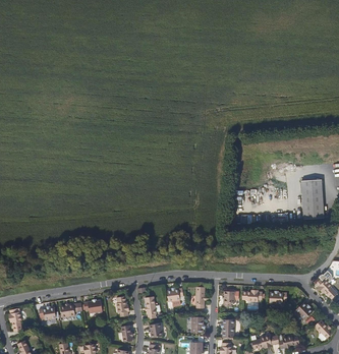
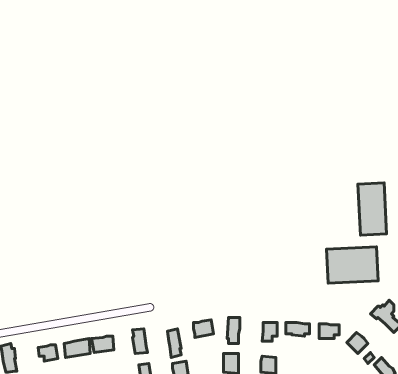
building: none -> [326,247,378,283]

